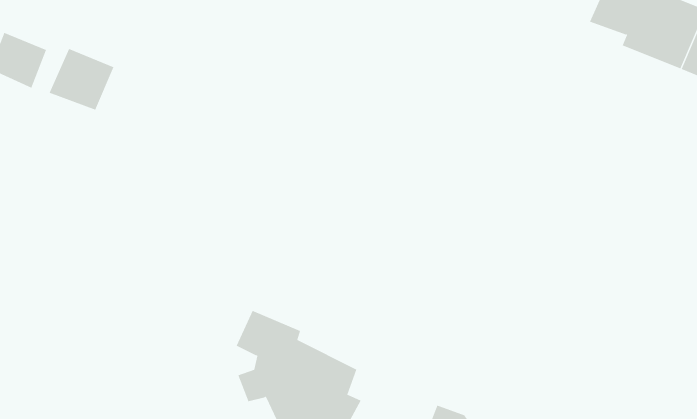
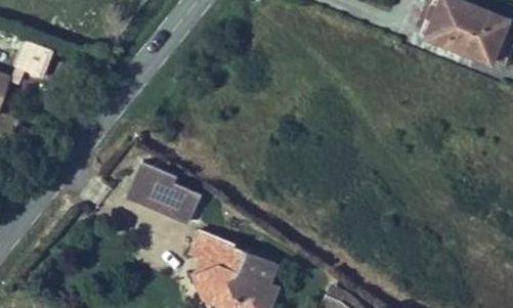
building: [49,48,114,111] -> none
building: none -> [127,163,185,218]

